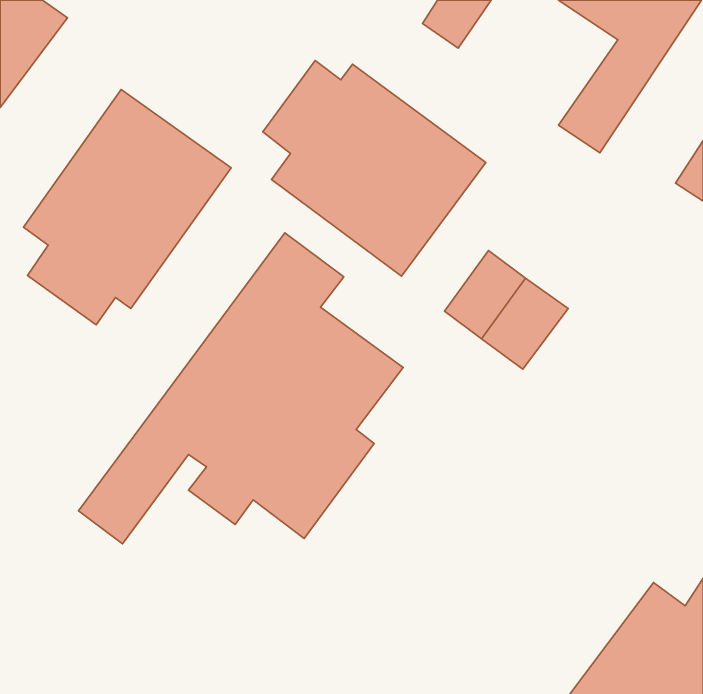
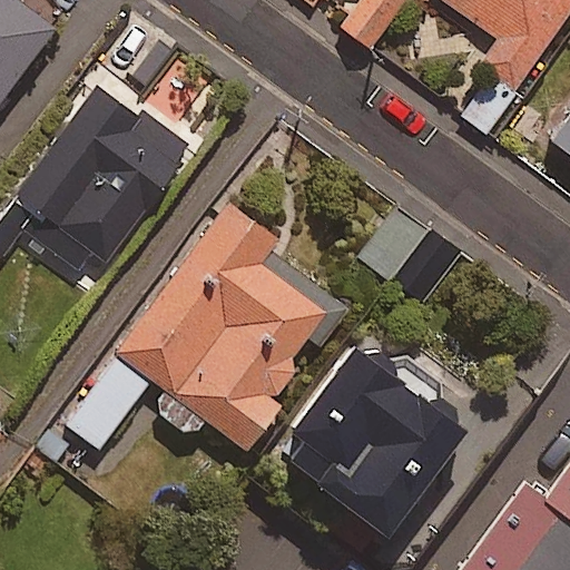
building: [263,60,486,276] -> none
building: none -> [284,345,473,548]

